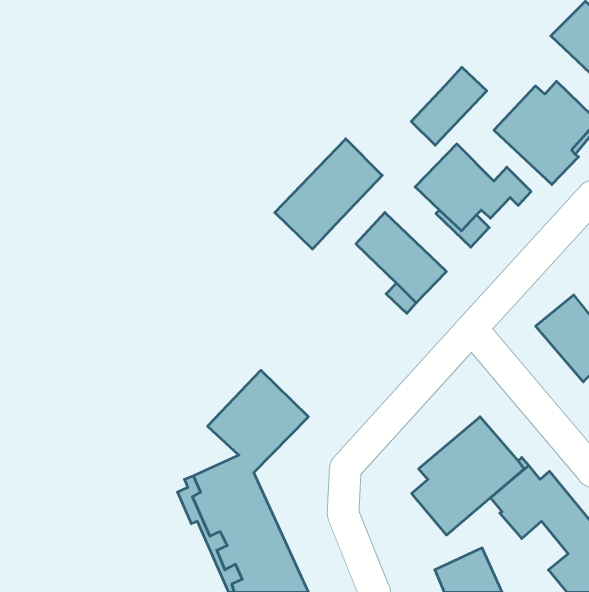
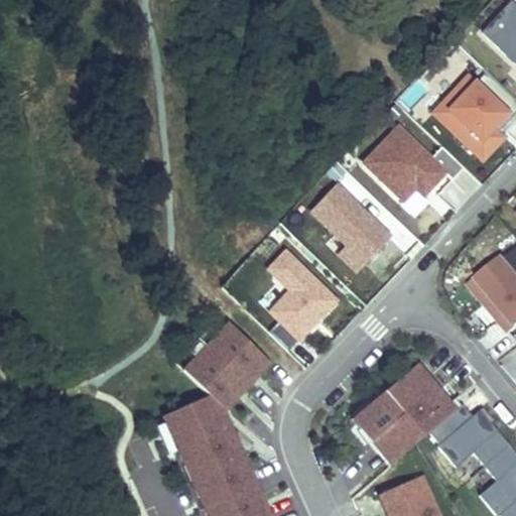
building: [411,67,487,145] -> none
building: [275,139,382,249] -> none
building: none -> [269,254,338,351]

